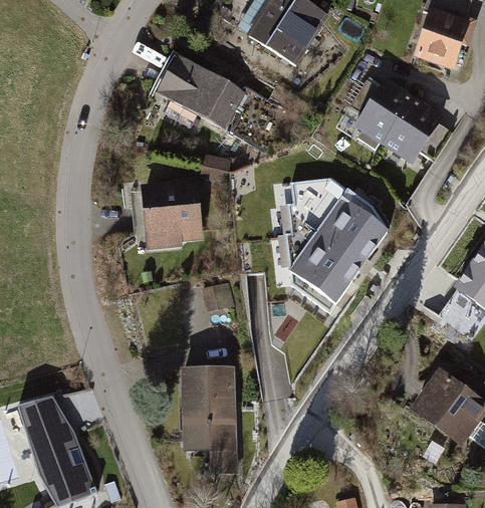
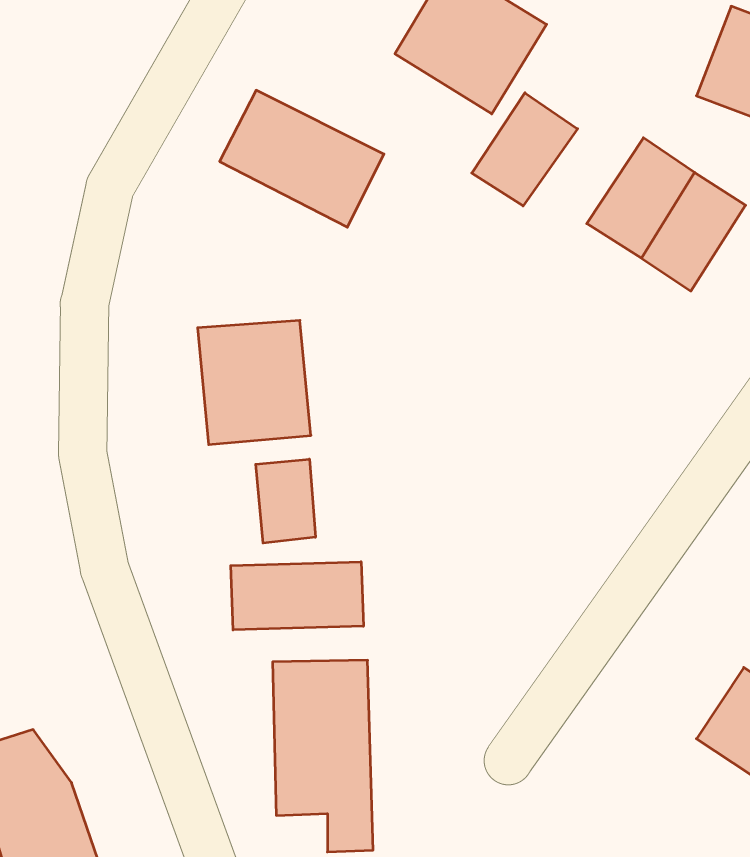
building: none -> [472,93,578,206]
building: [274,179,393,322] -> none
building: none -> [256,459,315,543]
building: none -> [231,562,363,630]

